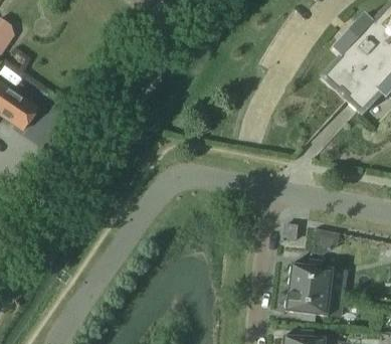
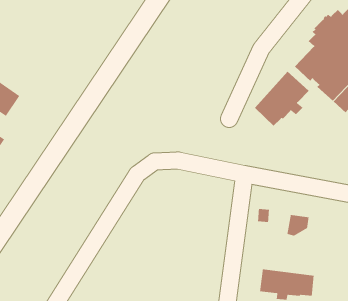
building: none -> [254,71,309,126]
building: [288,259,343,293] -> none

